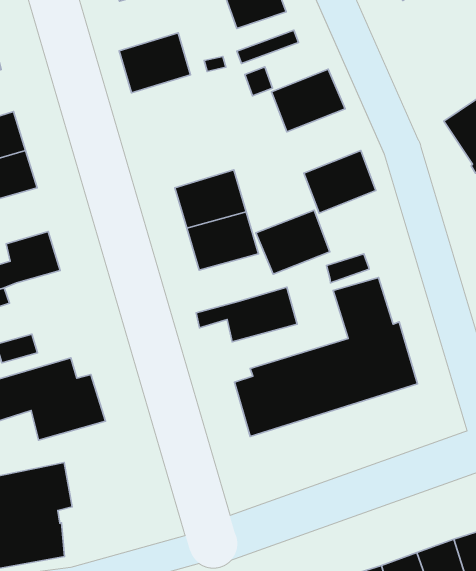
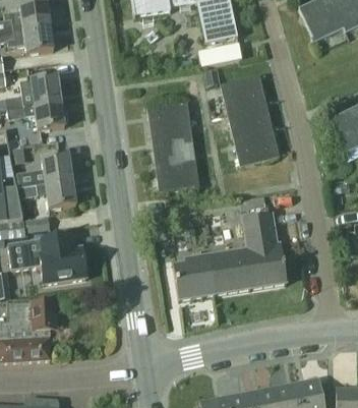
building: [119,33,191,93] -> [147,104,190,137]
building: [256,210,330,274] -> [227,103,272,139]
building: none -> [44,179,76,209]
building: [196,287,297,342] -> none

